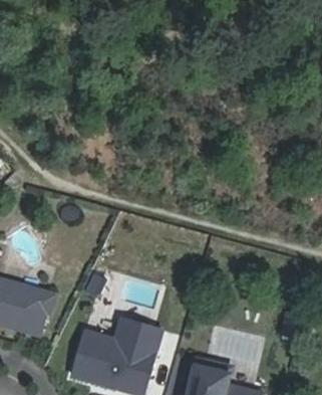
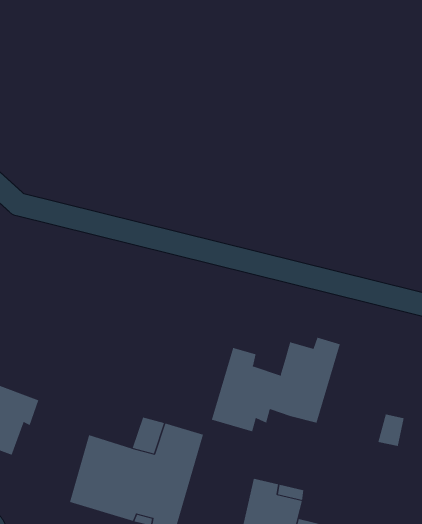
building: none -> [211,337,341,432]

